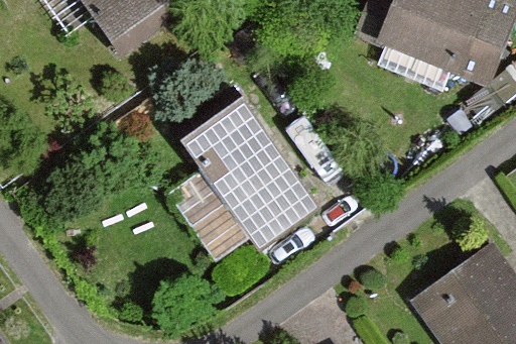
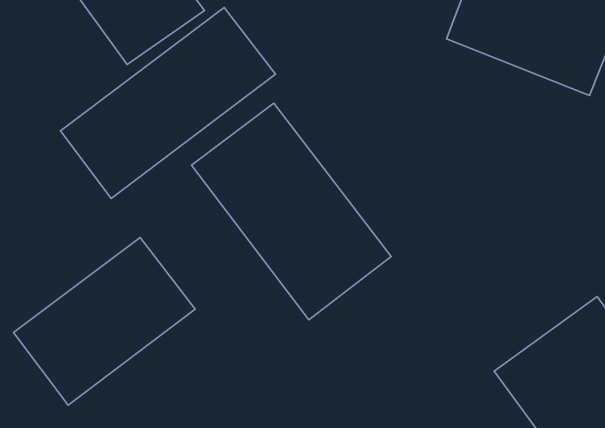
building: none -> [60,7,275,199]
building: none -> [14,237,195,405]

